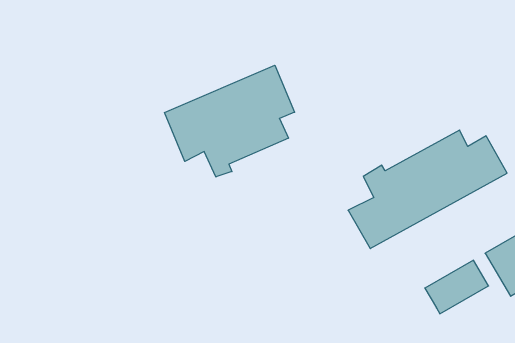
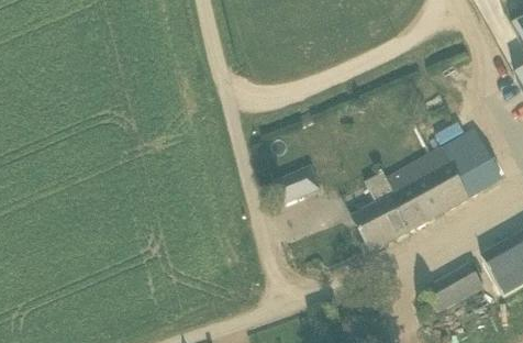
building: [165,65,295,177] -> none
building: none -> [276,169,308,202]

